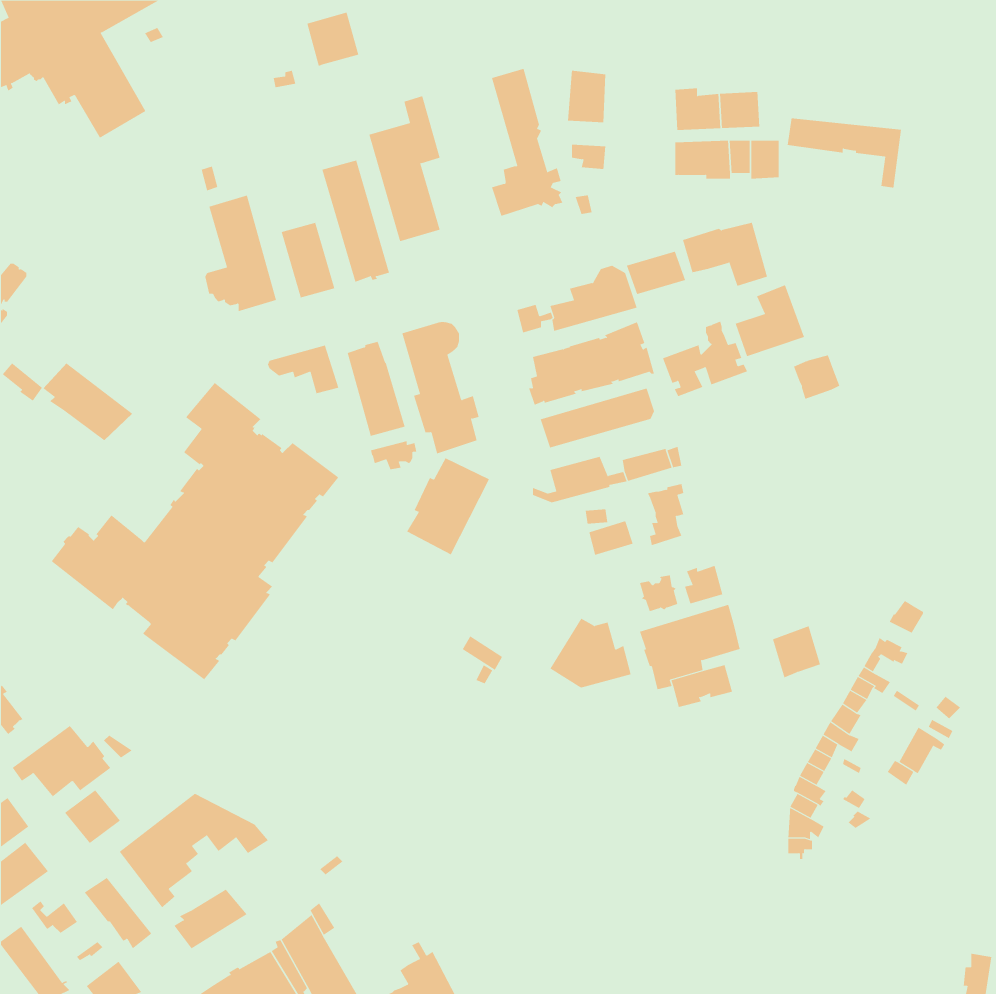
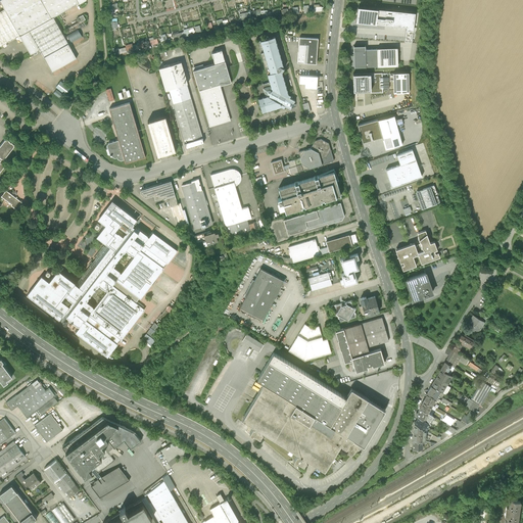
building: [306,12,359,67] -> [159,62,187,91]
building: [787,118,902,188] -> [355,8,416,45]
building: [626,251,686,295] -> none
building: [662,321,748,397] -> [395,232,440,272]
building: [42,362,133,441] -> none
building: [406,458,490,555] -> [240,270,284,321]
building: [772,626,821,678] -> [407,274,432,301]
building: none -> [242,353,385,469]

